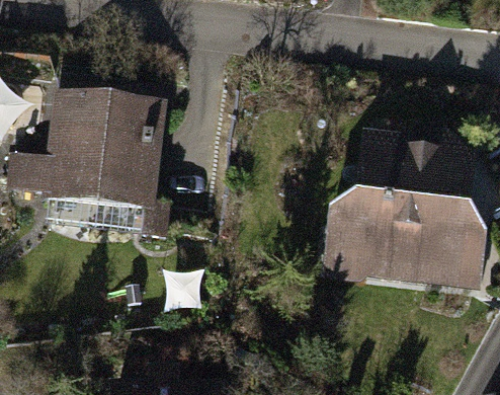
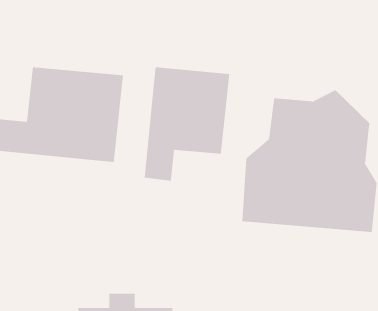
building: none -> [144,67,230,182]

